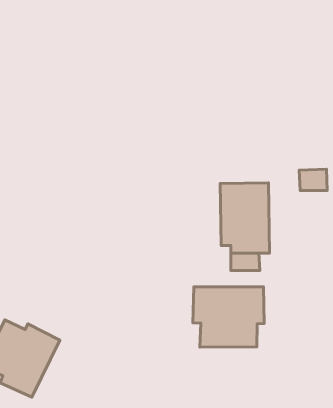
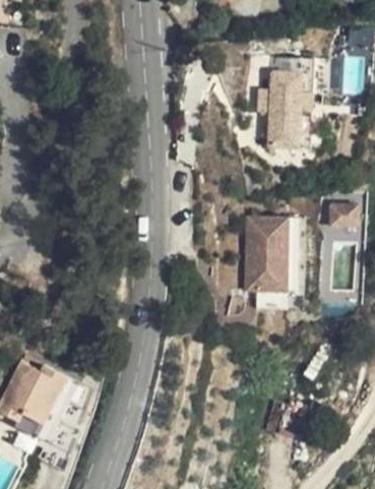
building: none -> [262,55,312,146]
building: [193,287,264,347] -> none

